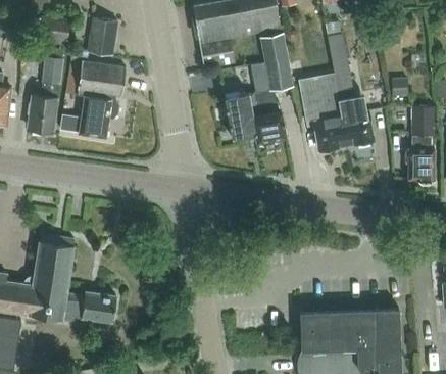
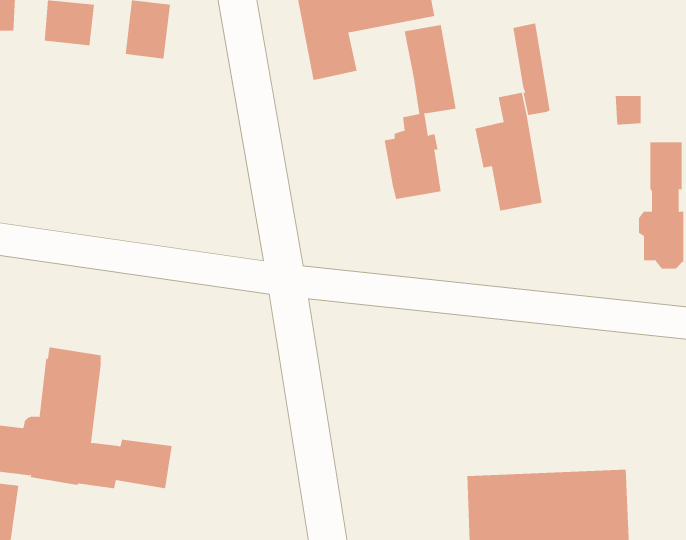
building: [28,53,64,135] -> none
building: [65,58,126,138] -> none
building: [225,68,269,138] -> none
building: [337,88,374,144] -> none

